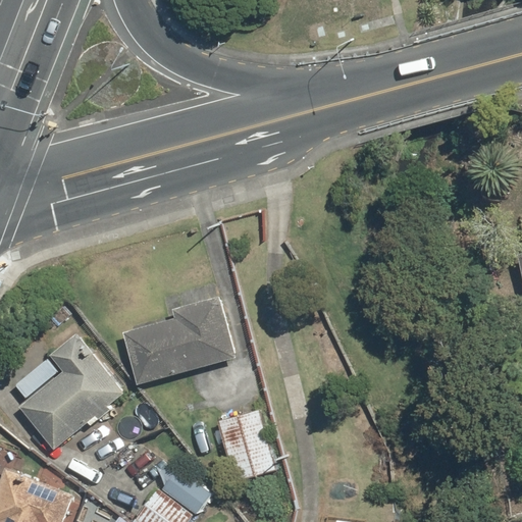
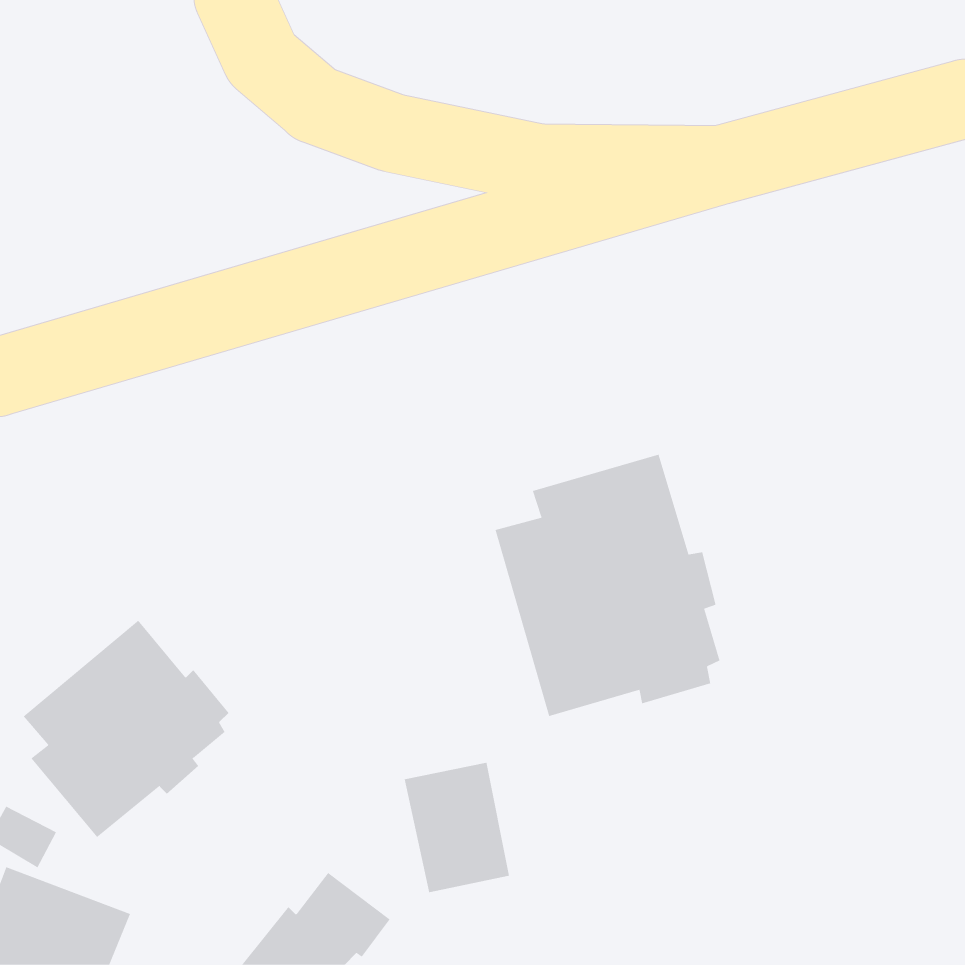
building: none -> [495,454,720,717]
building: [123,298,234,385] -> none

